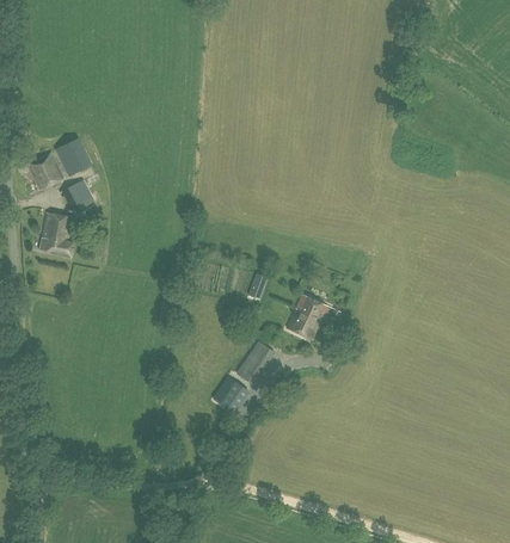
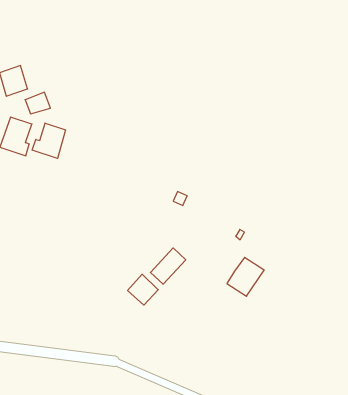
building: [54,138,92,177] -> none
building: none -> [32,123,66,158]
building: [285,295,327,340] -> [227,257,264,296]

